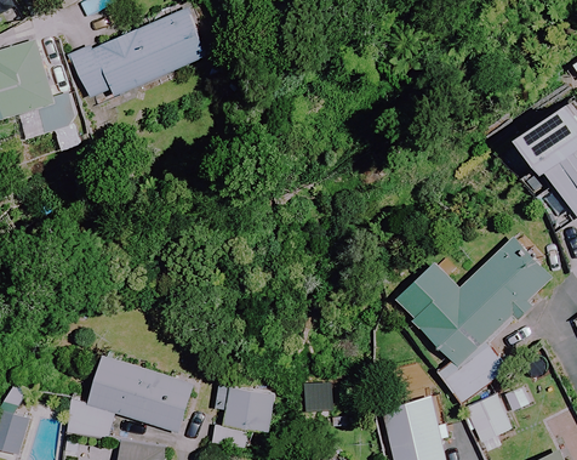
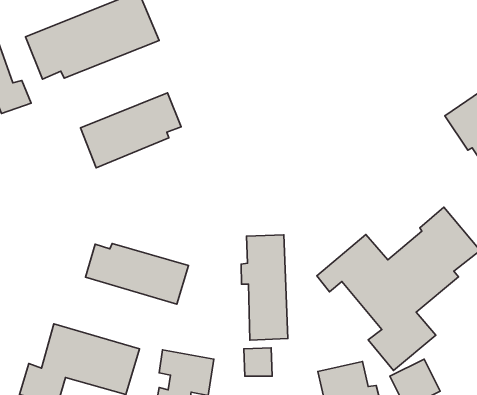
building: none -> [81,93,181,168]
building: none -> [241,235,288,340]
building: none -> [85,244,189,304]

